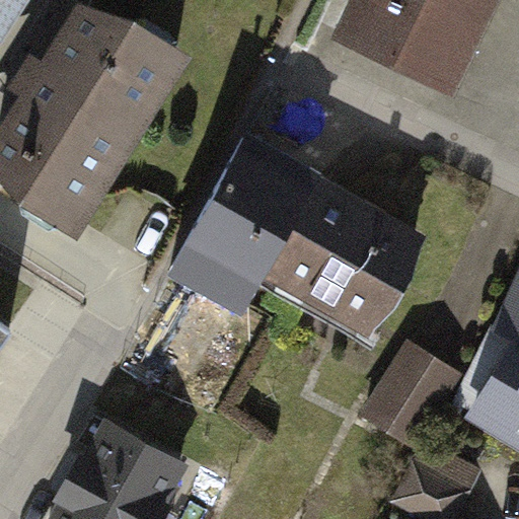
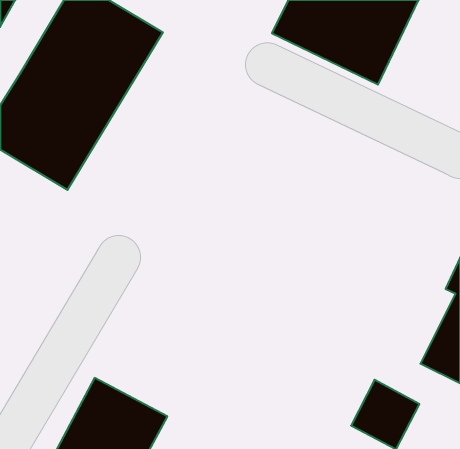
building: [180,146,410,317] -> none
building: [363,342,447,441] -> none

